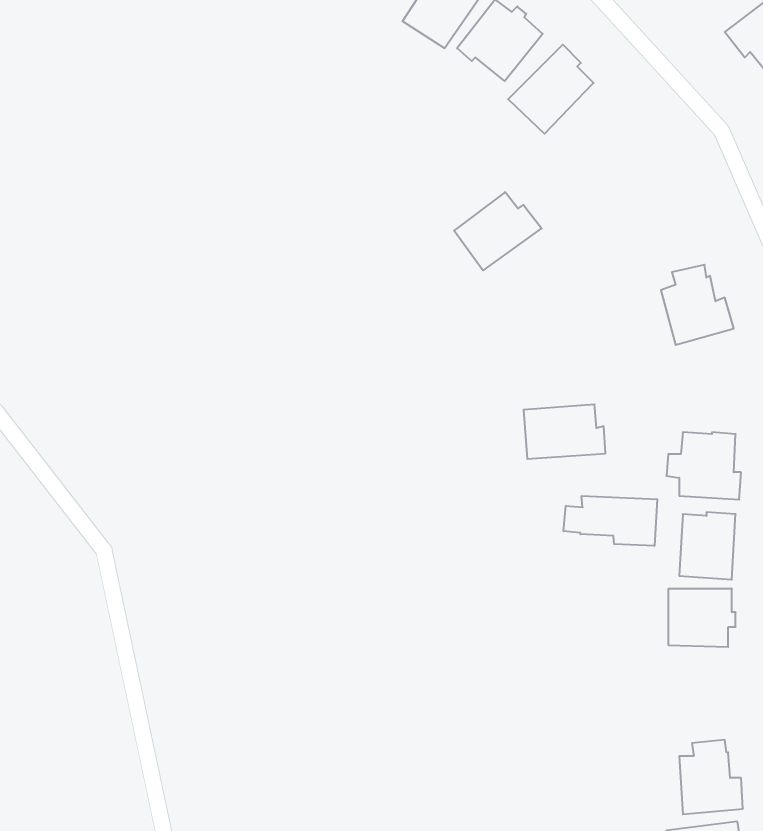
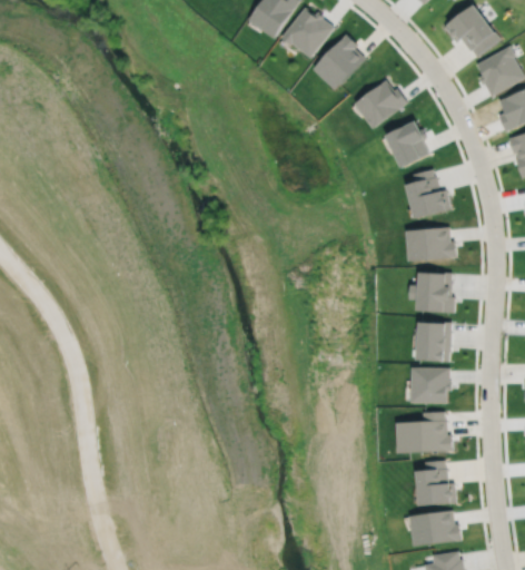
building: none -> [386,120,428,166]
building: [454,192,542,270] -> [355,80,408,128]
building: [524,404,605,459] -> [406,227,456,261]
building: [564,496,657,546] -> none
building: none -> [396,411,452,453]

